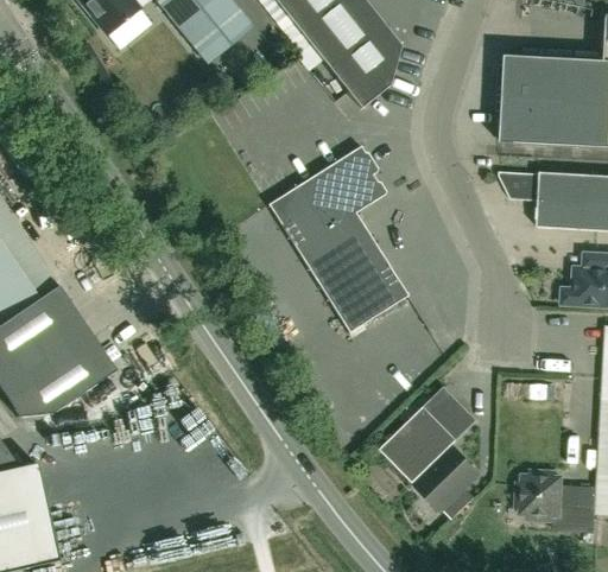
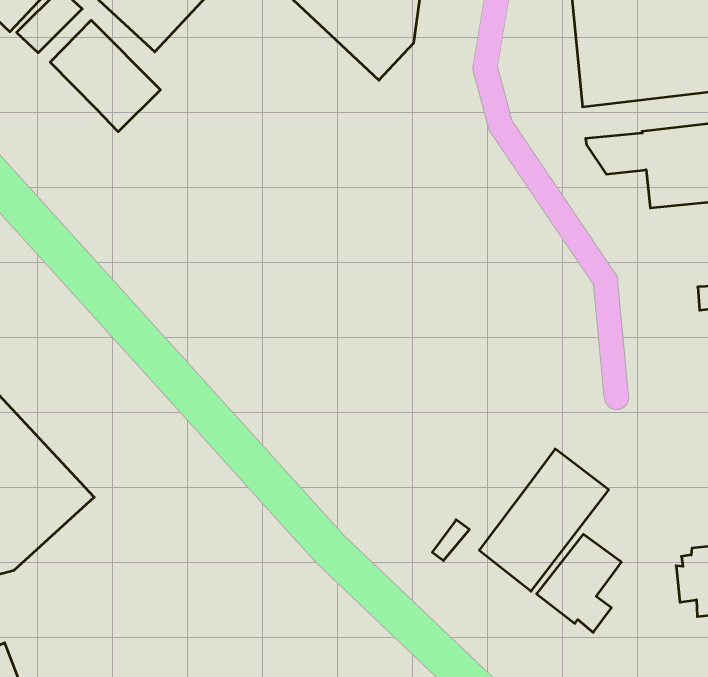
building: none -> [50,20,160,132]
building: [267,144,407,331] -> none

